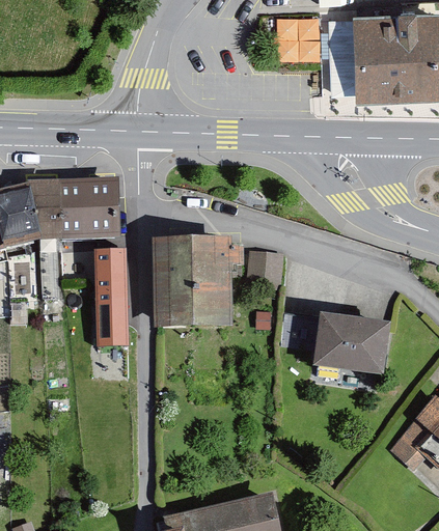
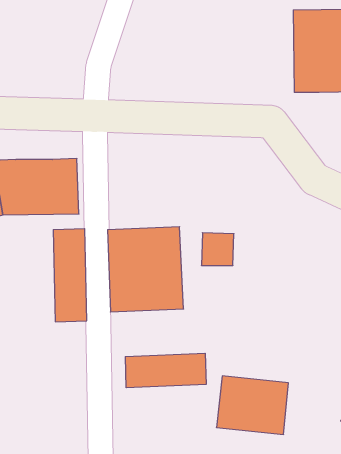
building: [277,11,322,57] -> none
building: [310,318,386,380] -> [216,376,288,434]
building: none -> [125,353,206,388]

